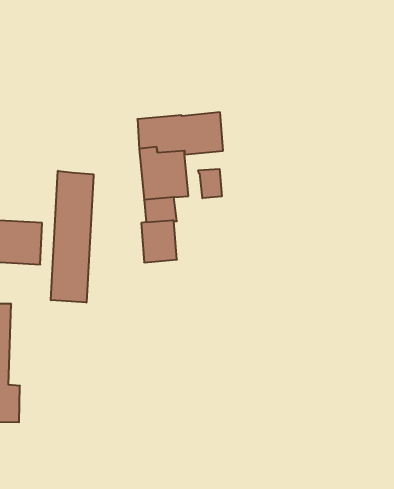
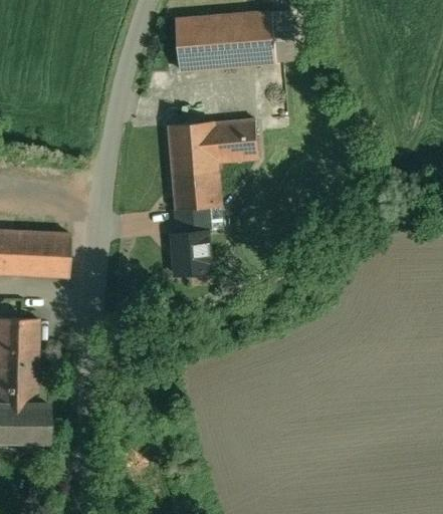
building: none -> [177,12,276,70]
building: [198,169,222,198] -> none
building: [51,171,93,303] -> none

